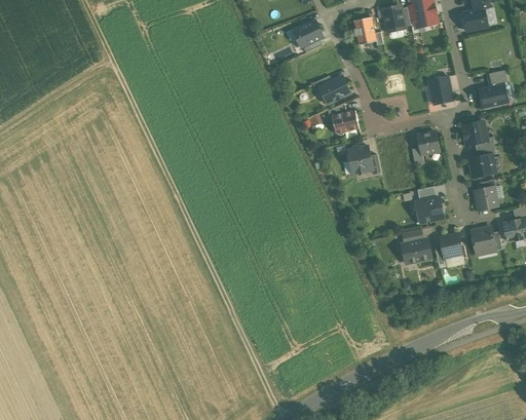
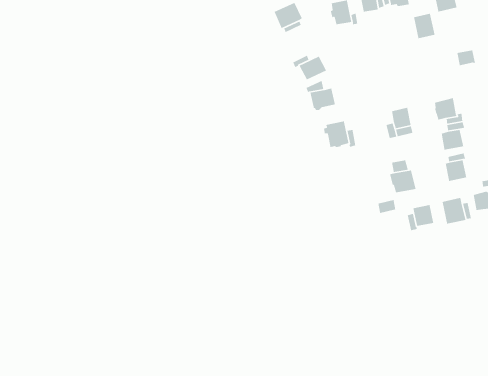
building: [428,76,452,104] -> [413,13,435,39]
building: [479,84,508,107] -> none
building: [403,238,430,263] -> none

